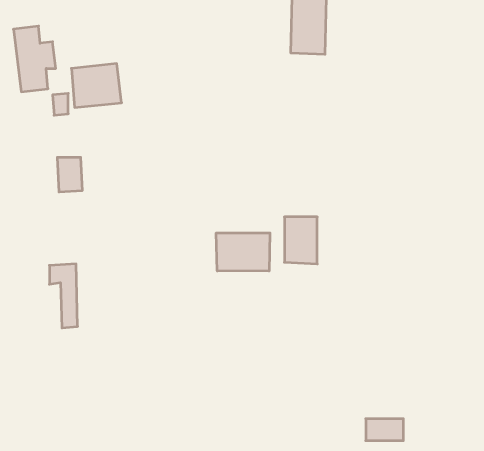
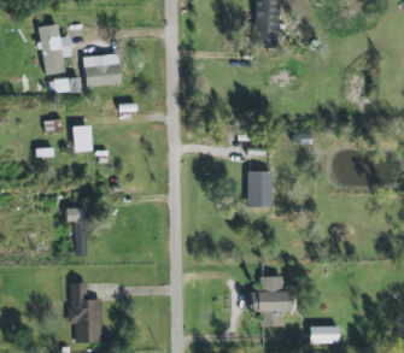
building: [216,233,270,271] -> none
building: none -> [250,276,293,326]
building: none -> [69,283,103,343]

